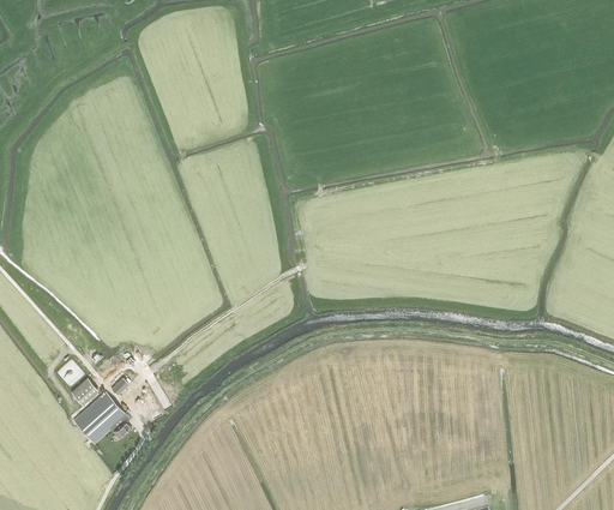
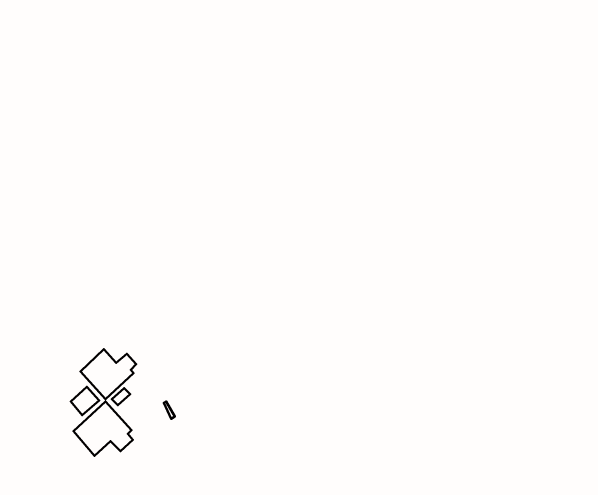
building: none -> [81,349,136,399]

